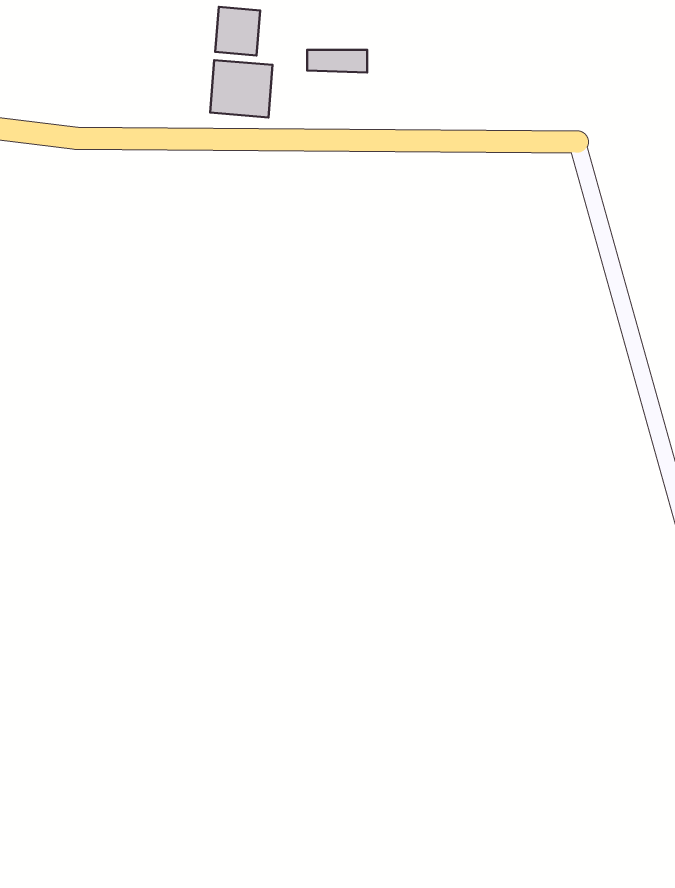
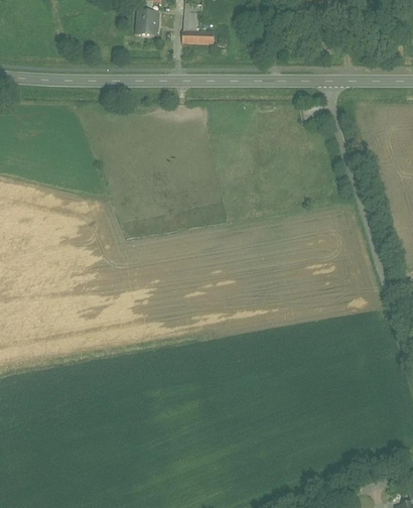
building: [210,60,273,117] -> none

